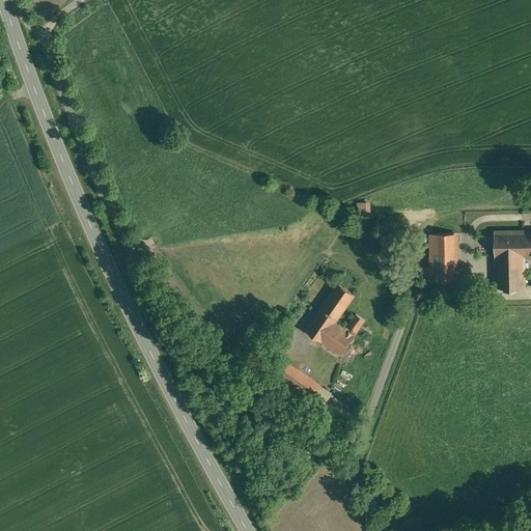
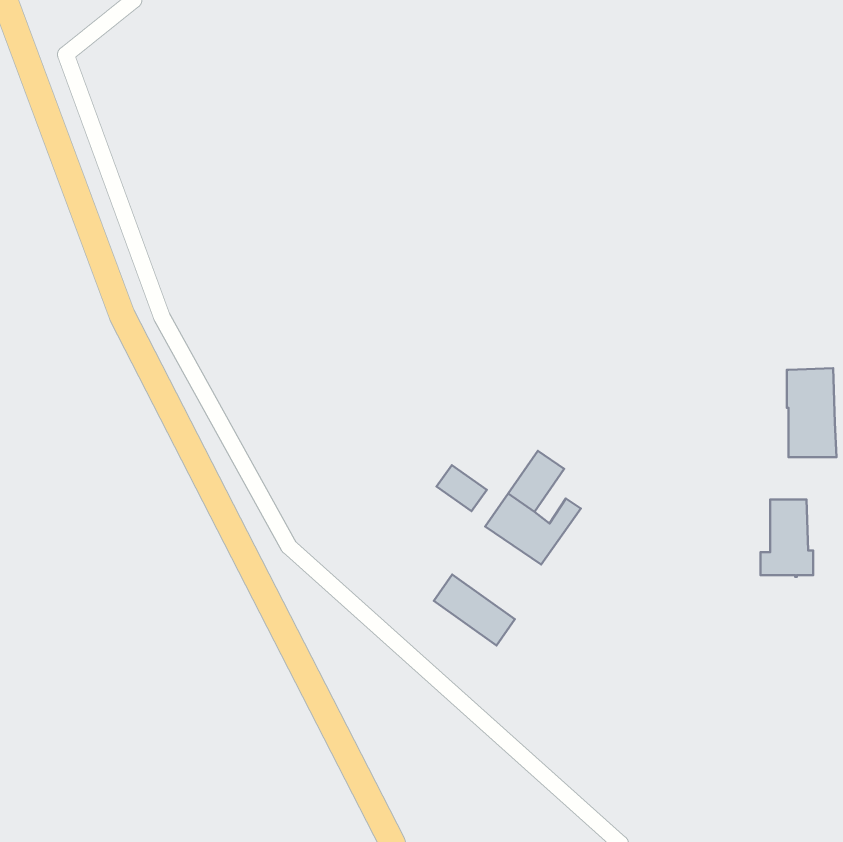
building: [424,234,457,283] -> [760,499,813,577]
building: none -> [437,465,487,511]

